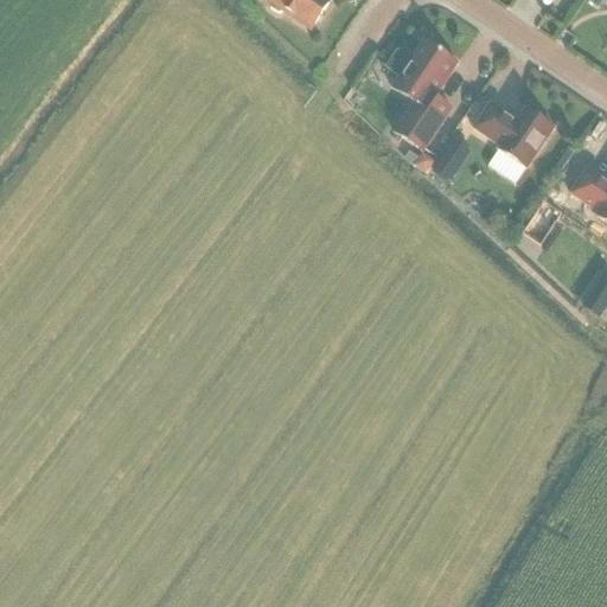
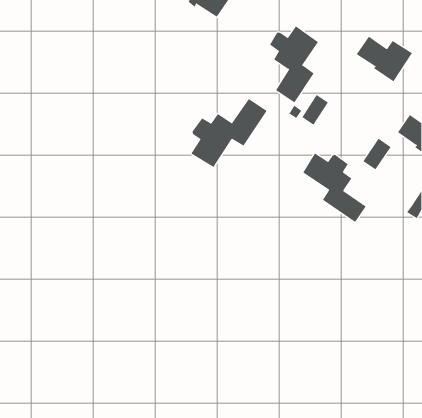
building: [473,100,555,166] -> [356,36,413,82]
building: none -> [191,98,267,168]
building: none -> [302,152,366,223]

